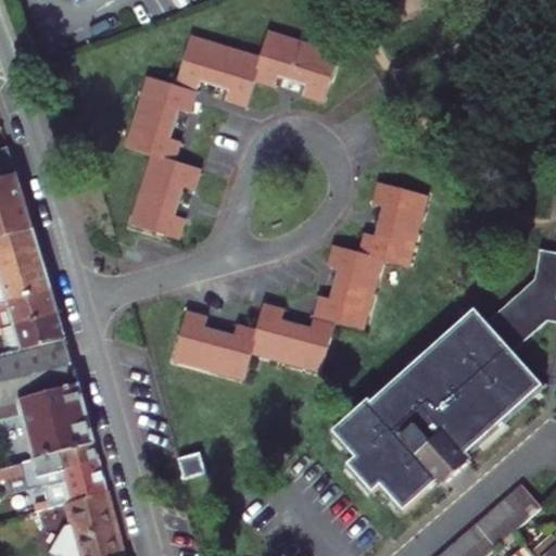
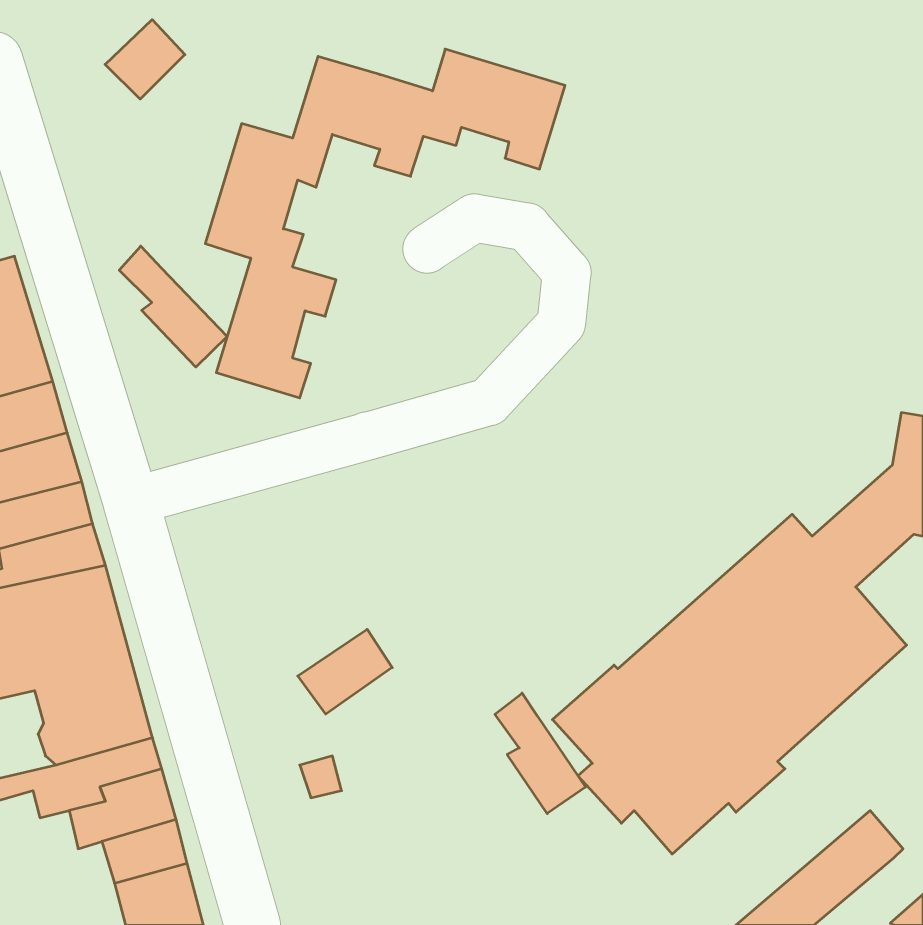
building: none -> [105,20,185,99]
building: none -> [119,246,227,367]
building: [170,180,428,380] -> none
building: none -> [298,629,392,714]
building: none -> [495,693,585,814]

